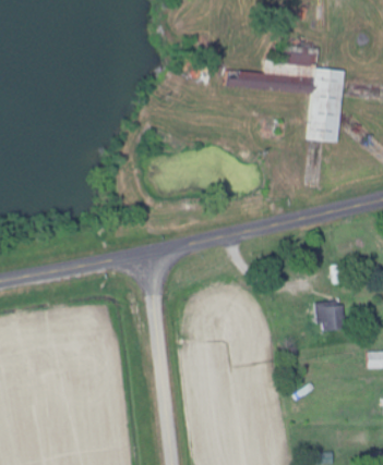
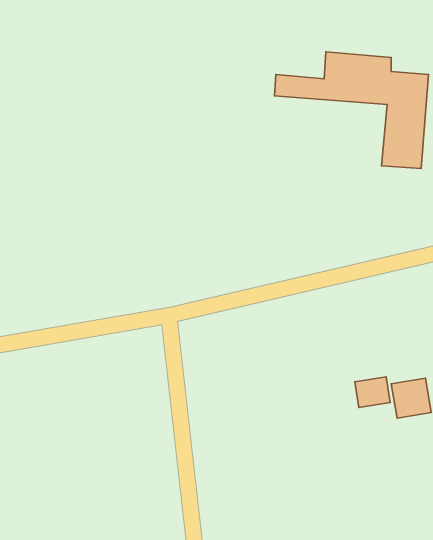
building: none -> [355,377,390,408]

